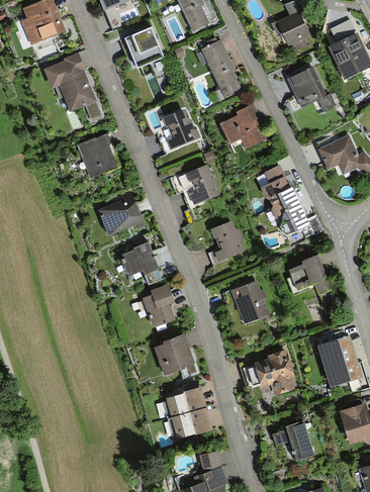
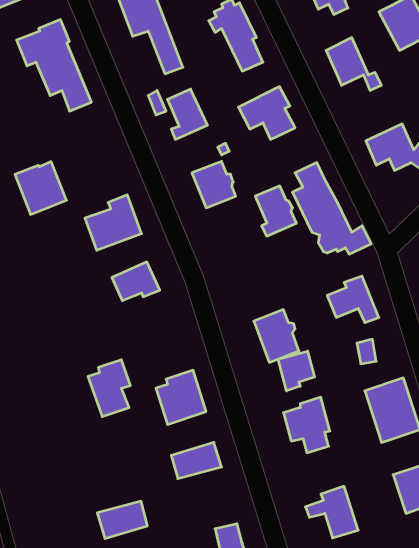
building: [78,137,118,179] -> [15,162,67,214]
building: [210,221,243,261] -> [255,186,296,236]
building: [143,280,176,324] -> [88,360,130,417]
building: none -> [278,351,315,391]
building: [172,405,211,434] -> [97,501,147,539]

